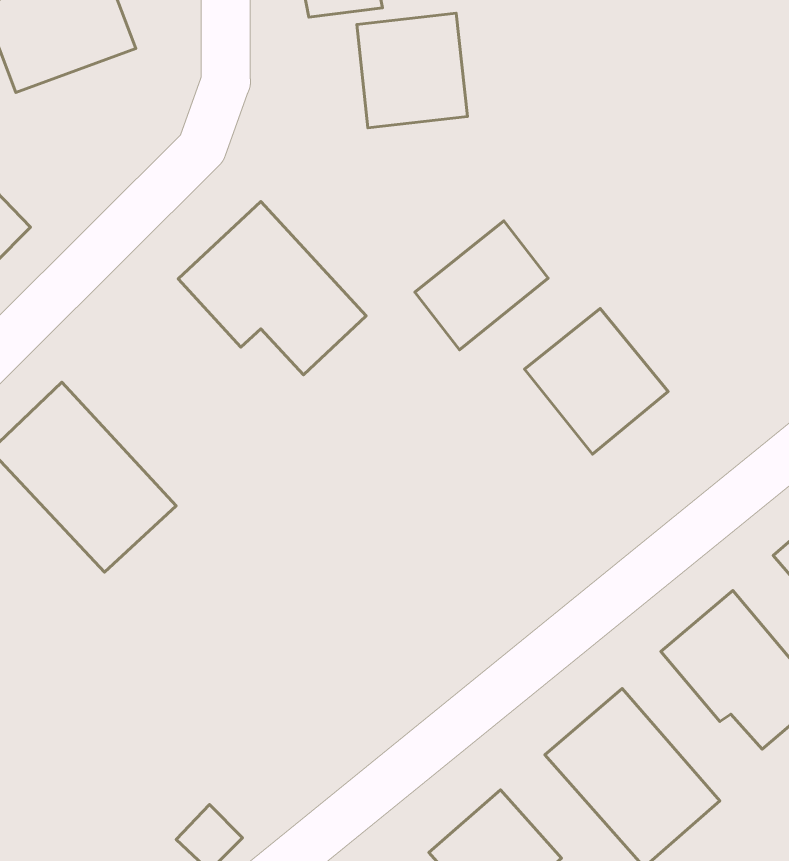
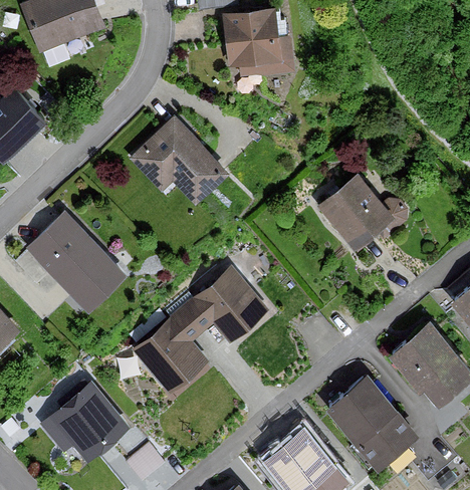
building: [415,221,548,350] -> none
building: none -> [130,262,269,395]
building: none -> [38,379,131,463]

